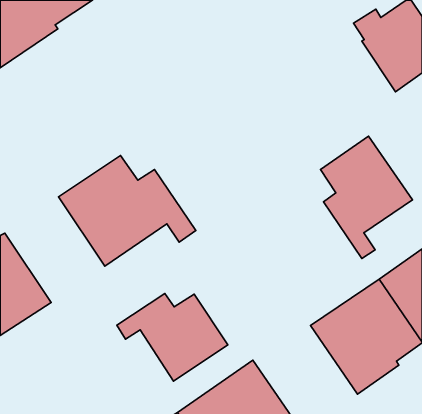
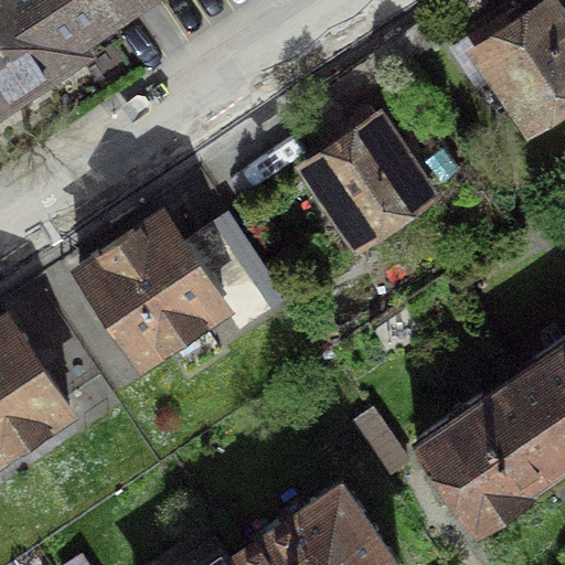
building: none -> [306,115,457,247]
building: [321,136,413,258] -> none
building: [117,293,228,381] -> none

